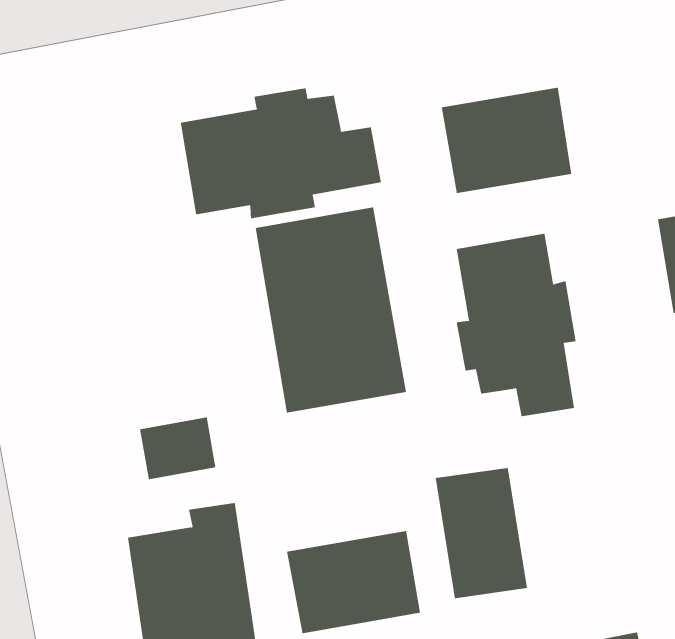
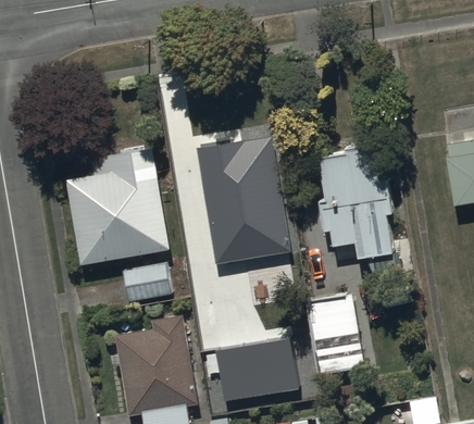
building: [441,87,572,194] -> none
building: [180,87,382,219] -> none
building: none -> [72,144,170,264]

